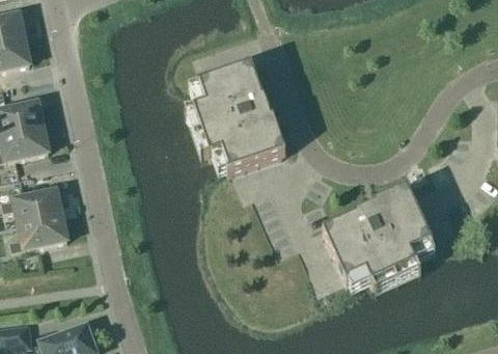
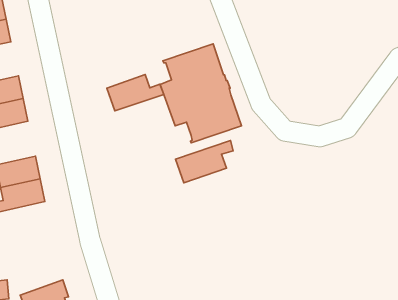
building: none -> [107,75,164,111]
building: none -> [175,140,233,183]
building: [324,193,434,285] -> none

